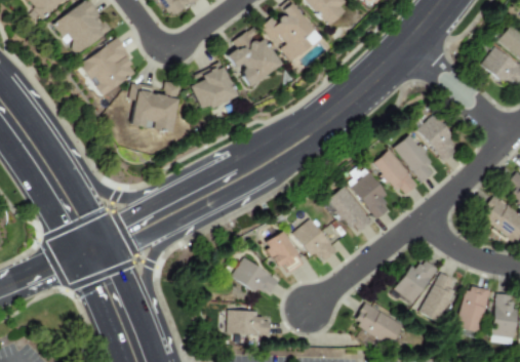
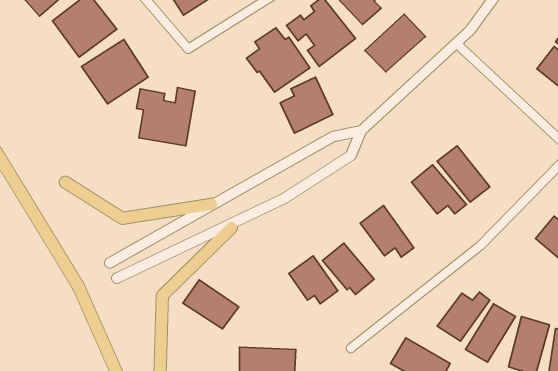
building: none -> [365,14,425,72]
building: [191,64,237,113] -> [280,77,333,133]
building: [415,113,457,162] -> none
building: [349,170,390,219] -> none
building: [231,256,280,299] -> [183,280,239,329]

